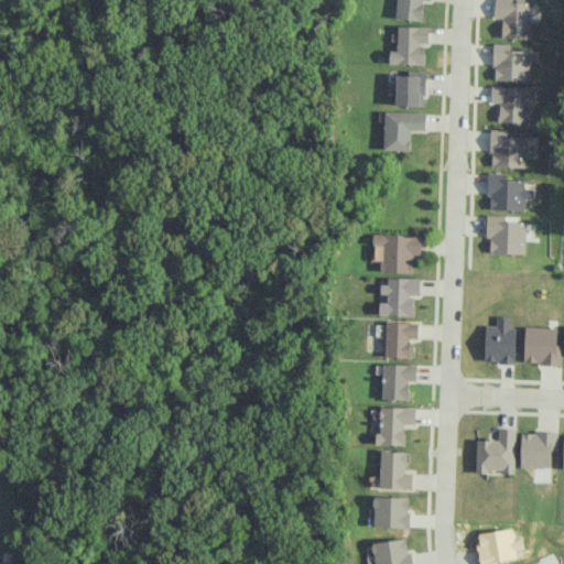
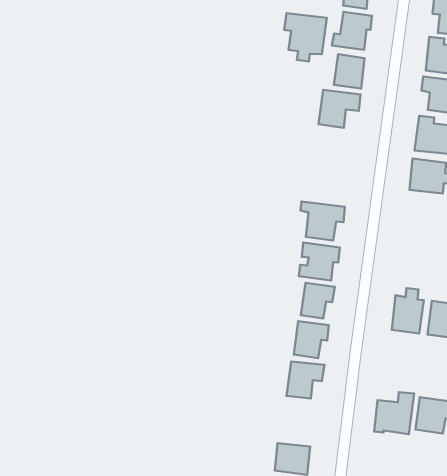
building: none -> [284,13,327,62]
building: [486,216,524,254] -> none
building: [380,452,413,489] -> none

